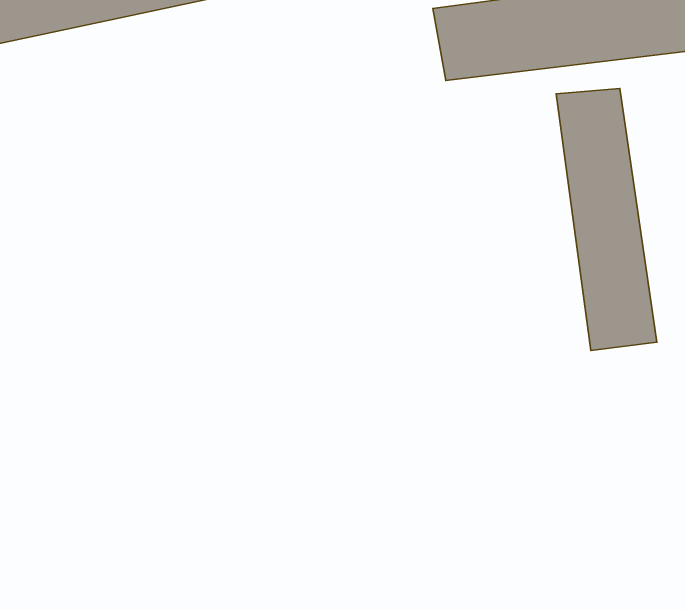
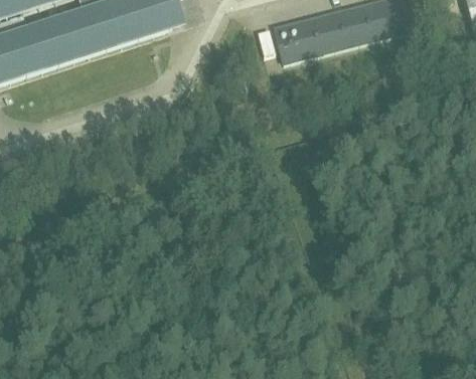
building: [556,89,657,351] -> none

